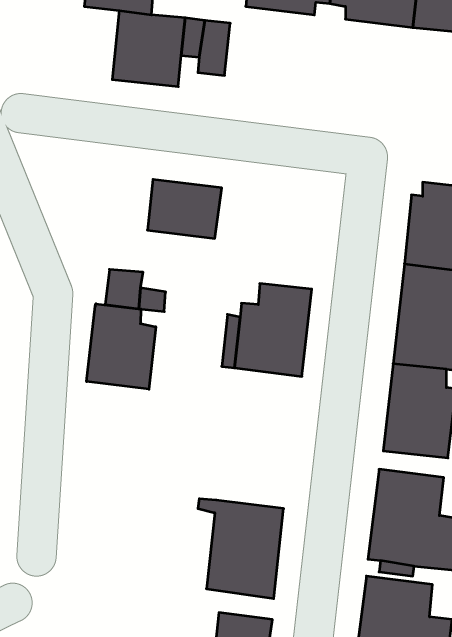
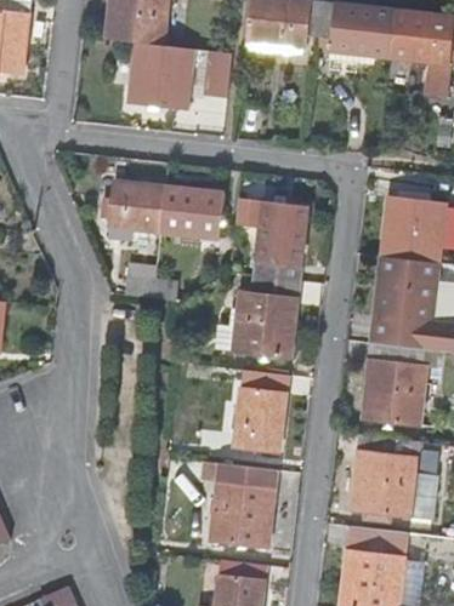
building: none -> [101,181,165,240]
building: none -> [238,199,310,281]
building: [87,304,156,389] -> none
building: none -> [238,370,290,451]

